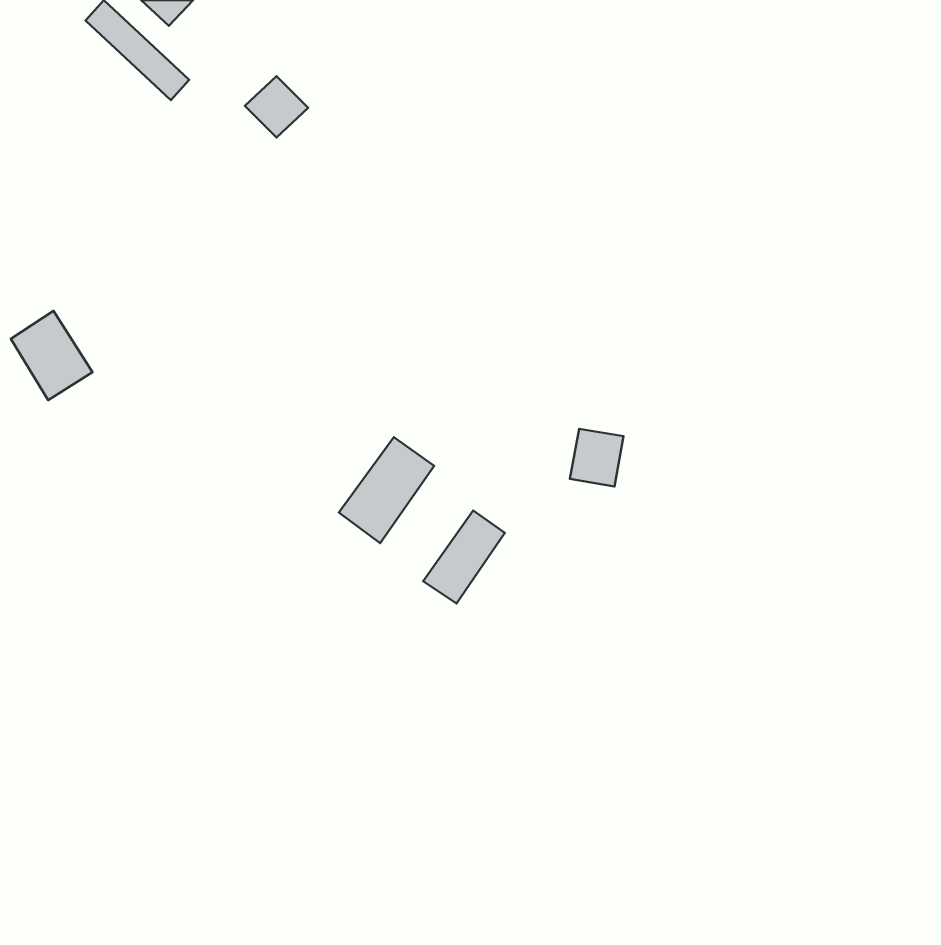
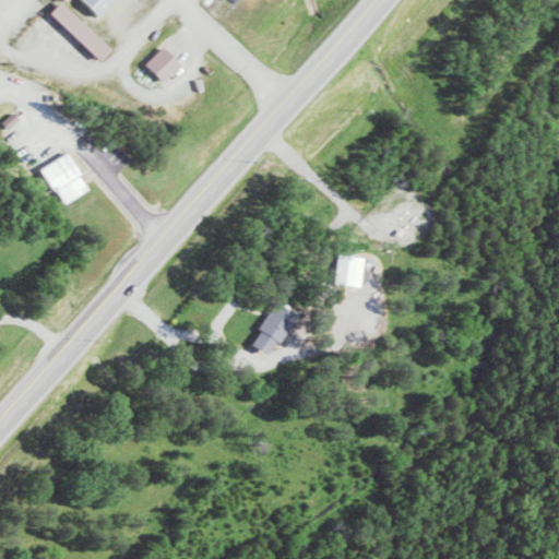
building: [11,311,93,400] -> [41,153,90,205]
building: [339,437,434,543] -> none

